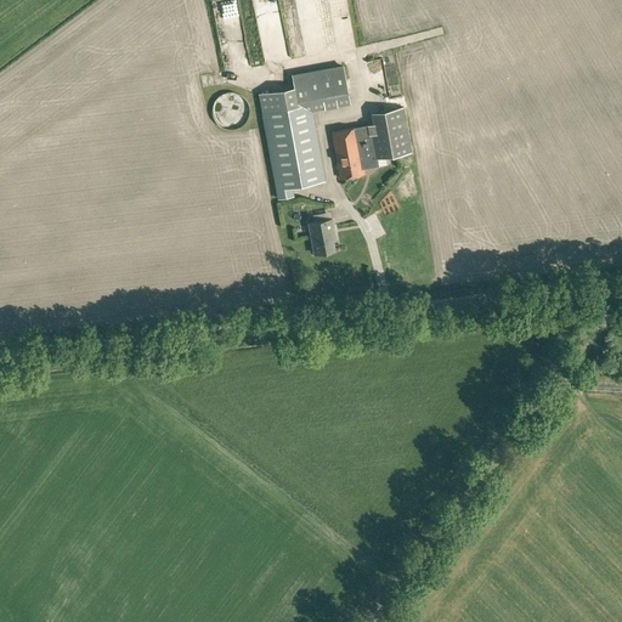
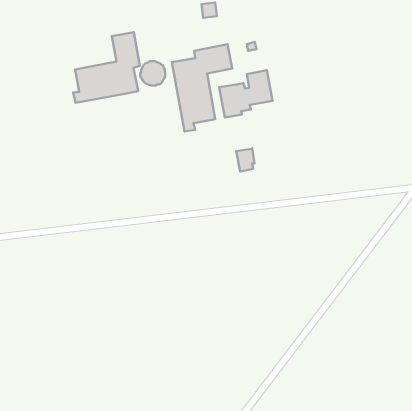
building: none -> [73,32,140,103]
building: [309,219,337,254] -> [236,148,255,171]

